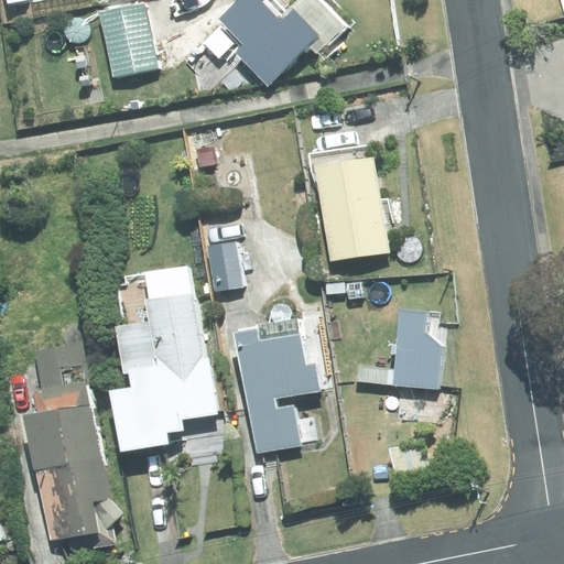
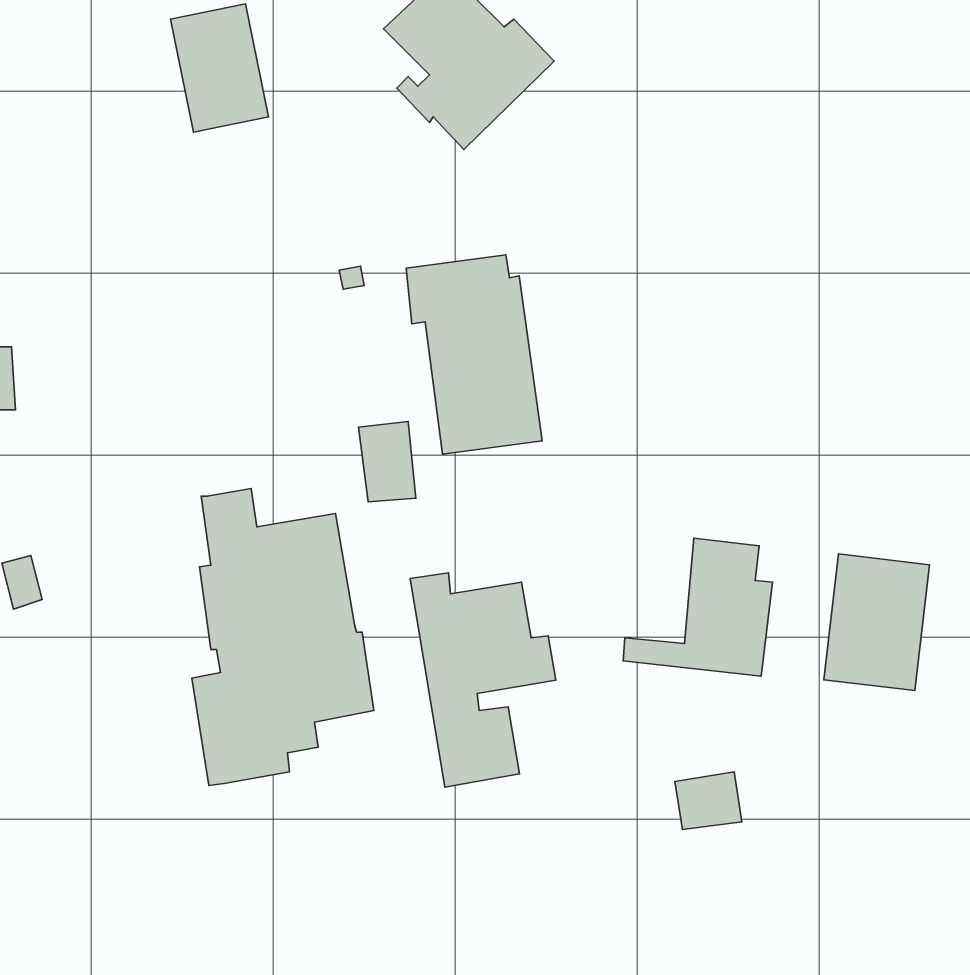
building: [308,147,387,261] -> [406,255,542,454]
building: none -> [824,554,930,691]
building: [26,343,126,551] -> none

